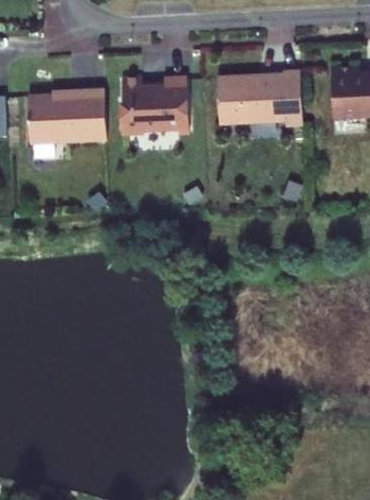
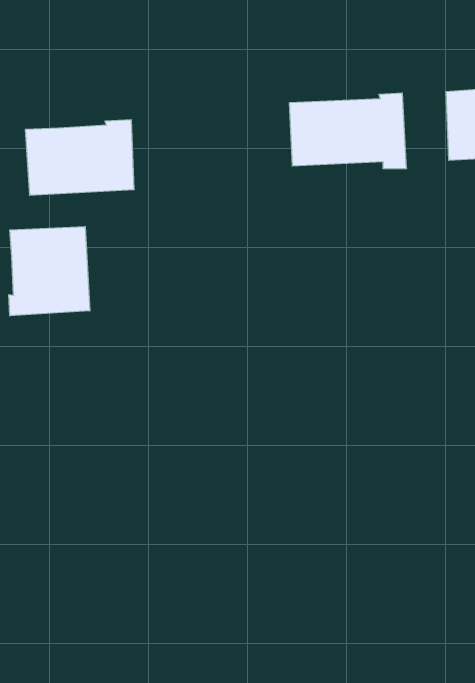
building: [121,77,189,136] -> none
building: none -> [9,226,90,316]

